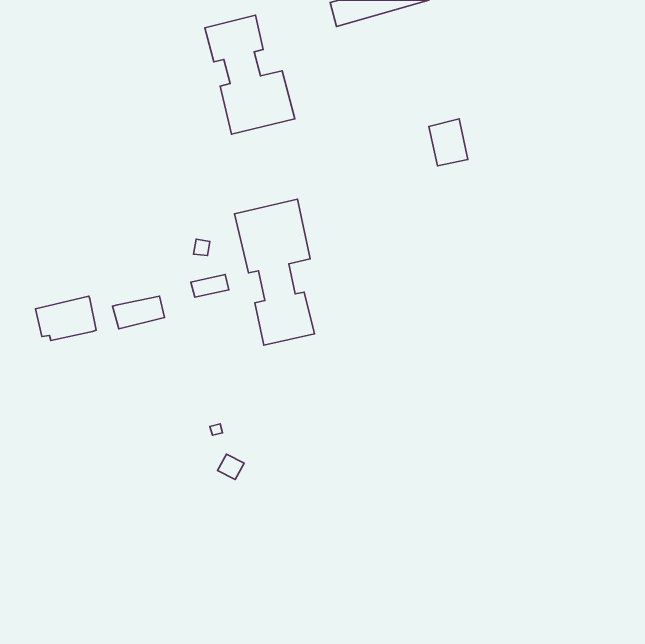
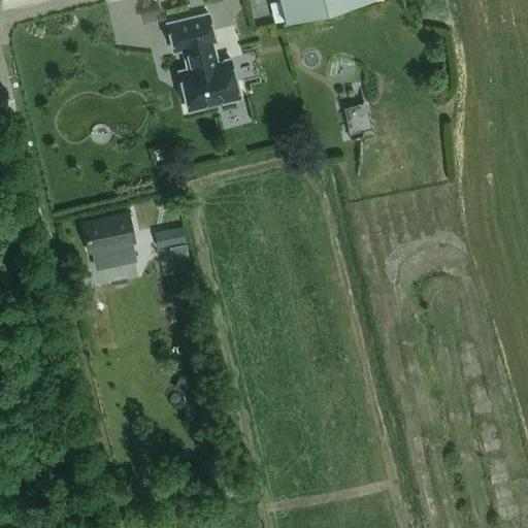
building: [235,199,314,345] -> none
building: [36,296,96,340] -> [85,214,134,251]

